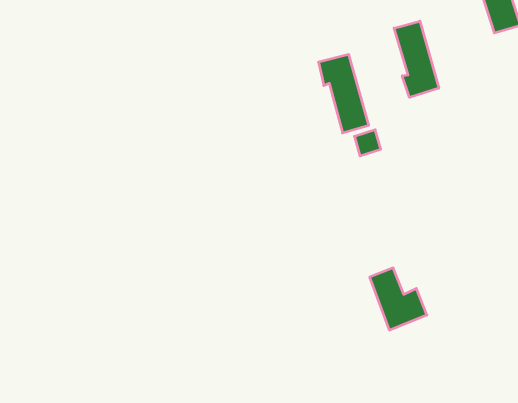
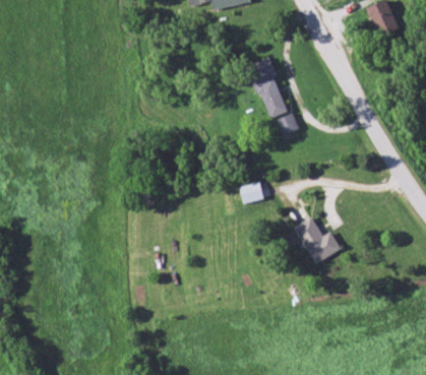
building: [394,21,439,97] -> none
building: none -> [239,182,264,204]

